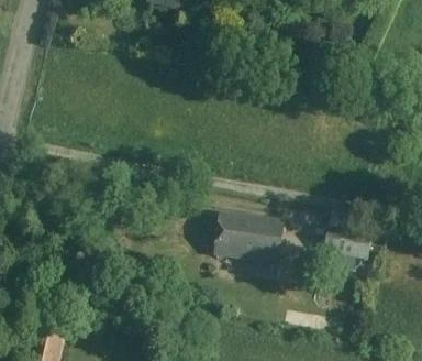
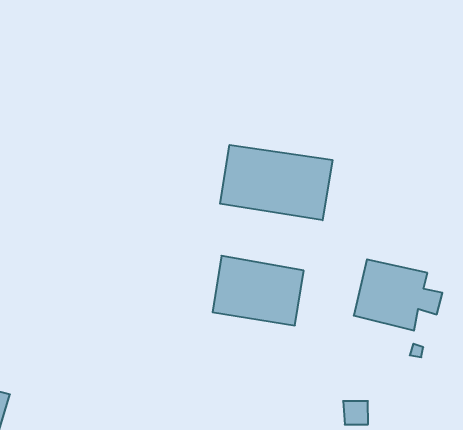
building: none -> [220,145,332,220]

